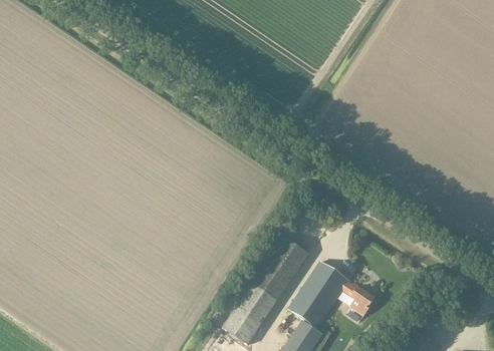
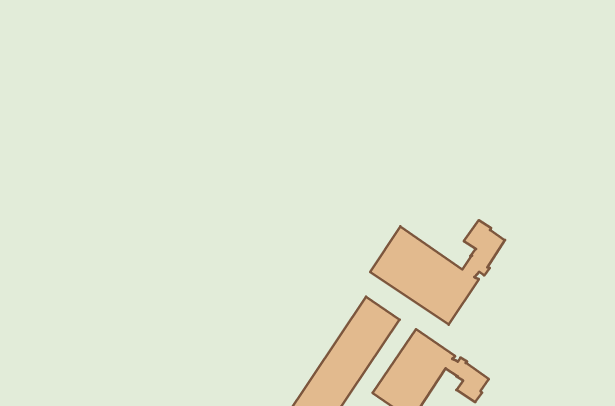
building: none -> [370,220,505,325]

